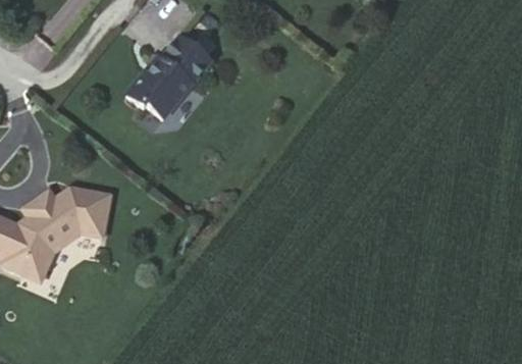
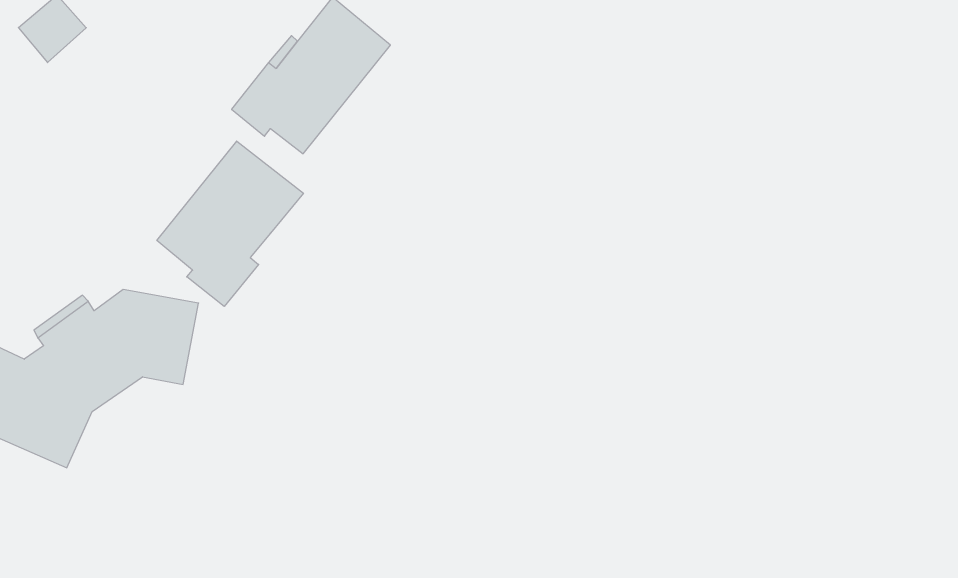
building: none -> [157,141,303,306]

